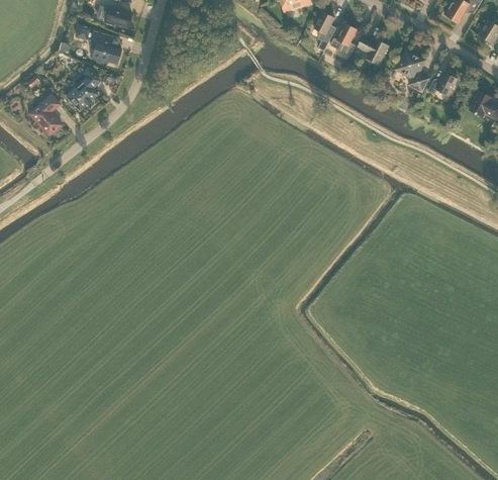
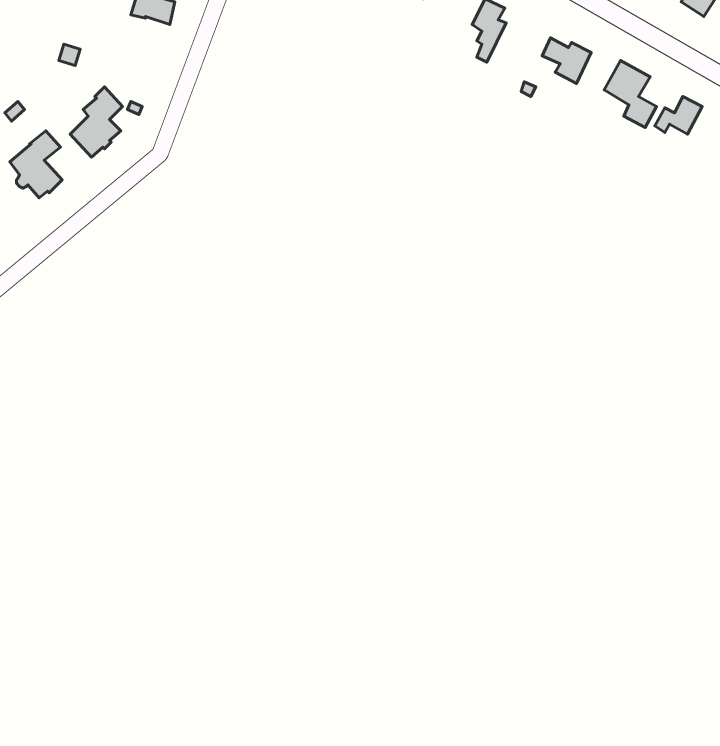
building: [330,23,358,56] -> none
building: [76,26,122,65] -> none

